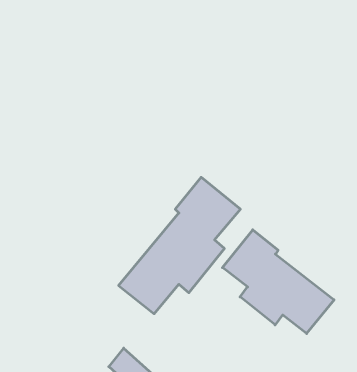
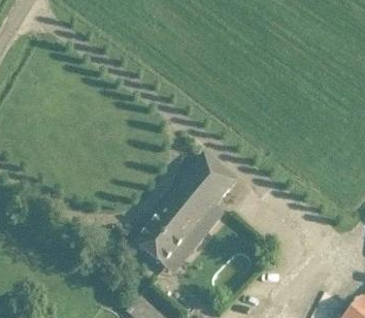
building: [222,230,334,334] -> none

